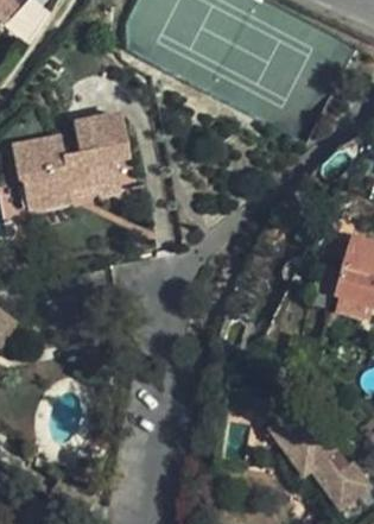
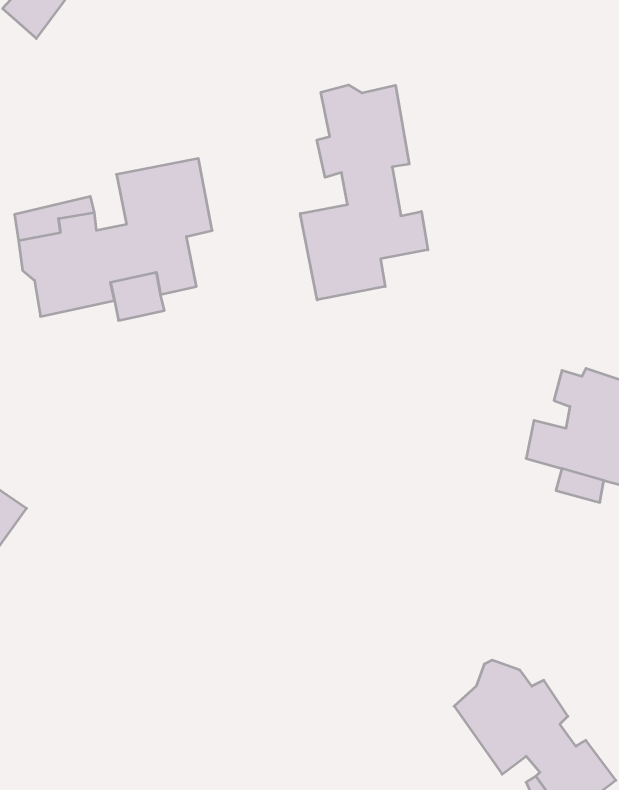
building: none -> [300,85,428,300]

